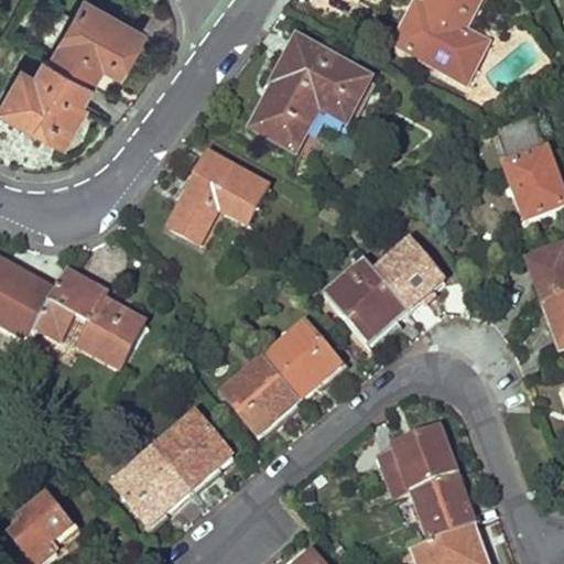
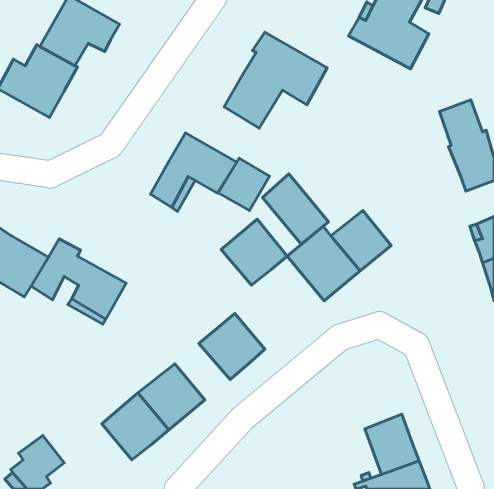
building: none -> [218,158,270,211]
building: none -> [263,174,328,244]
building: [267,322,341,397] -> [221,219,287,285]
building: [379,427,456,495] -> none

